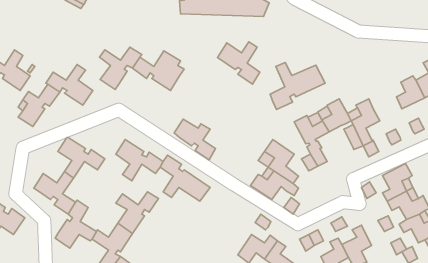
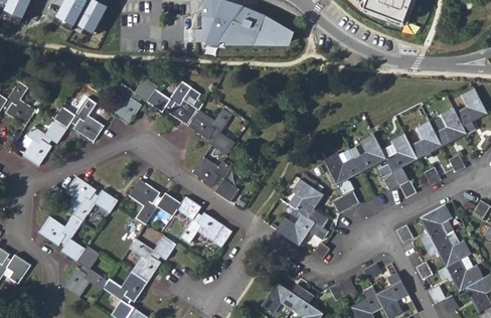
building: [218,42,260,84] -> [188,109,234,155]
building: [270,62,325,109] -> none
building: none -> [410,123,441,159]

